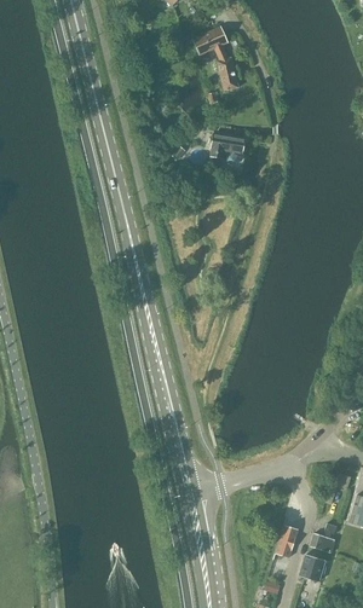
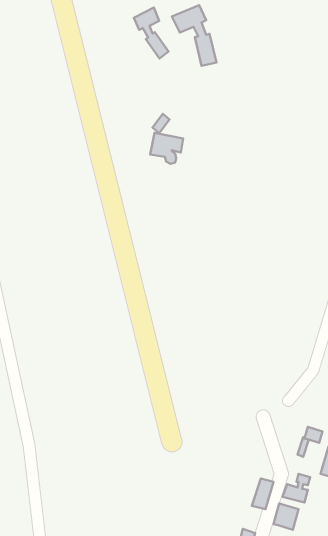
building: none -> [134,8,169,58]
building: [211,132,246,164] -> [150,133,183,164]

